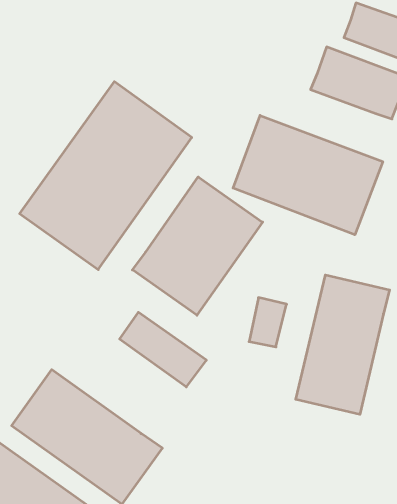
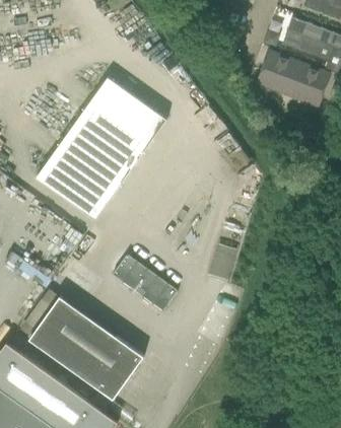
building: [233,115,383,235] -> none
building: [132,177,263,315] -> none
building: [296,275,390,414] -> none

